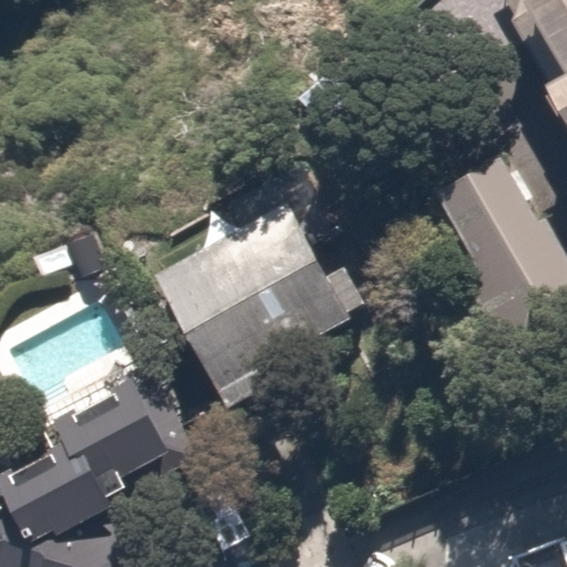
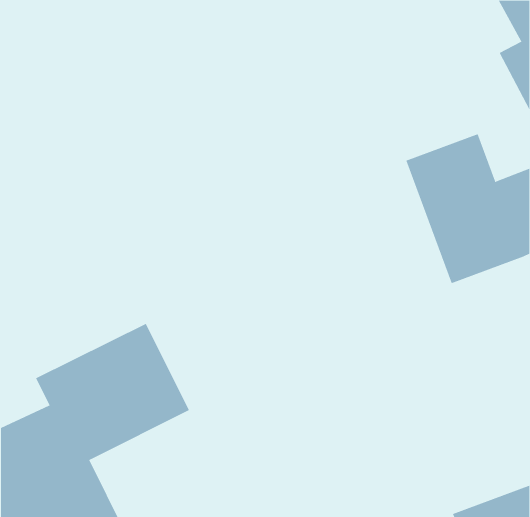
building: [155,206,367,414] -> none

